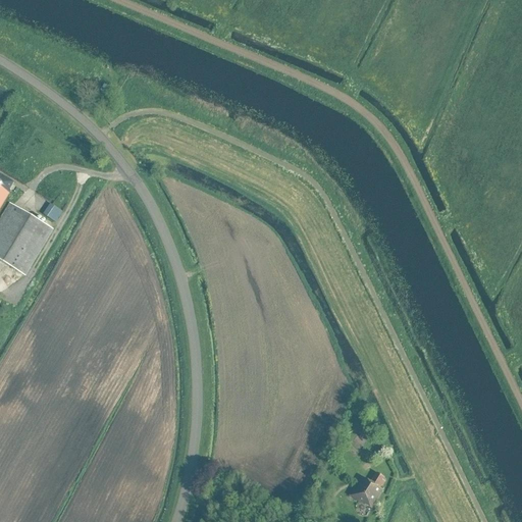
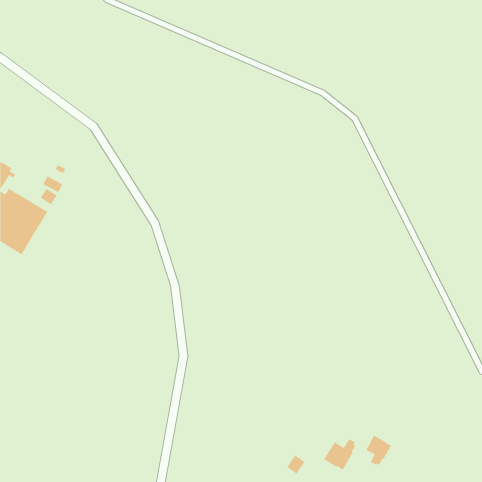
building: none -> [365,435,392,466]

